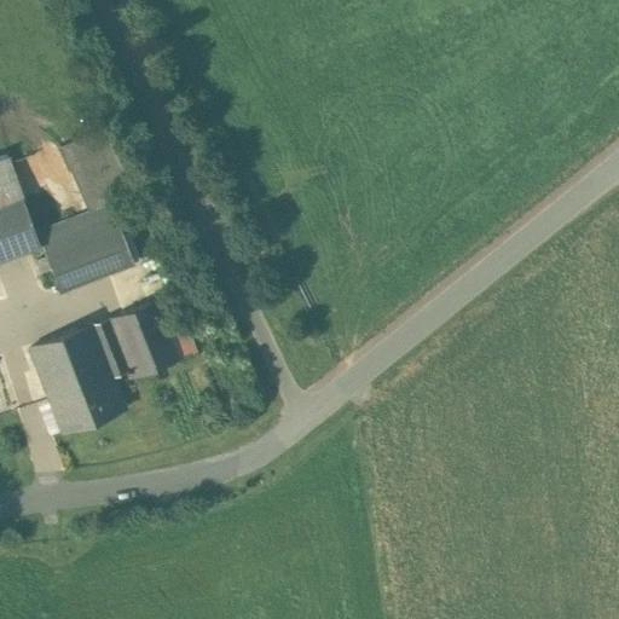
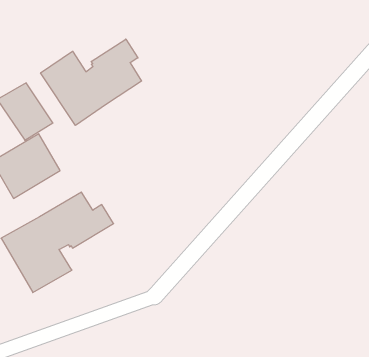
building: none -> [41,39,142,125]

